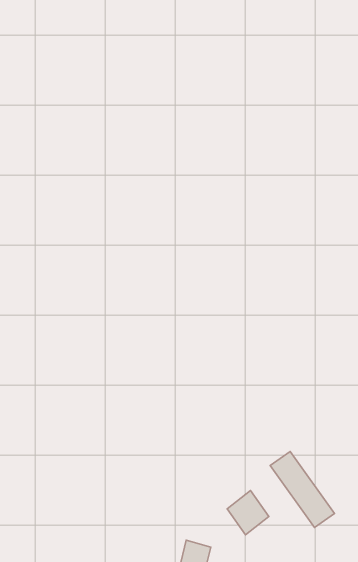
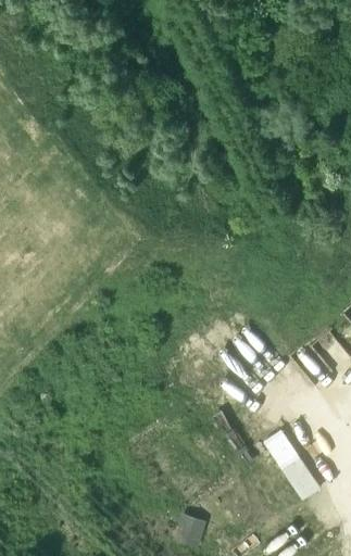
building: [227,491,269,535] -> none

